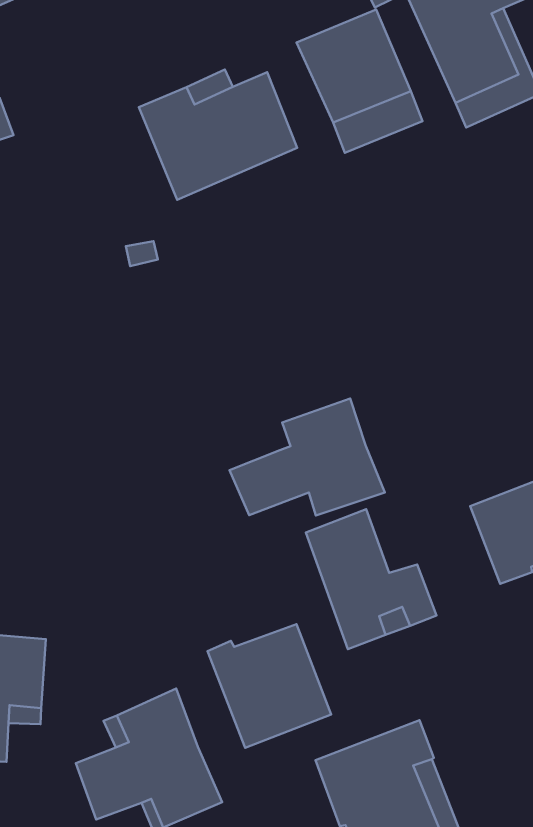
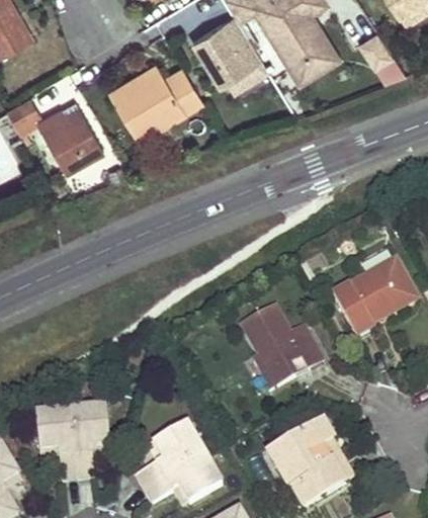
building: none -> [42,105,108,176]
building: [230,399,385,516] -> none
building: [207,624,331,748] -> none

